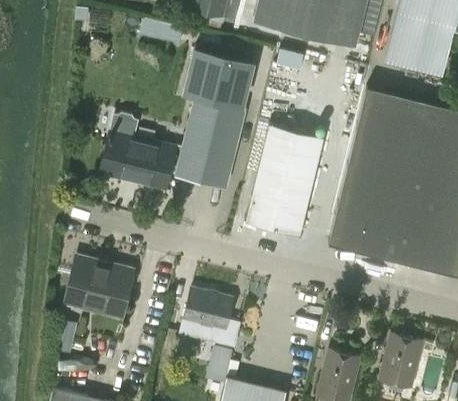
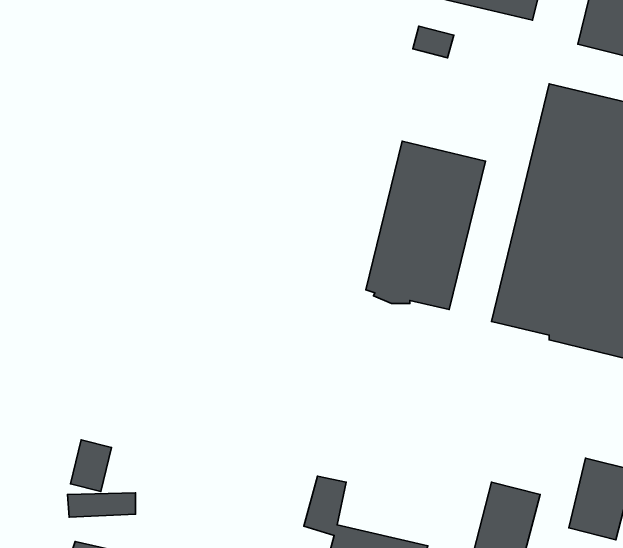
building: [177,47,255,189] -> none
building: [103,116,175,188] -> none
building: [68,259,133,313] -> none
building: [184,290,240,348] -> none

